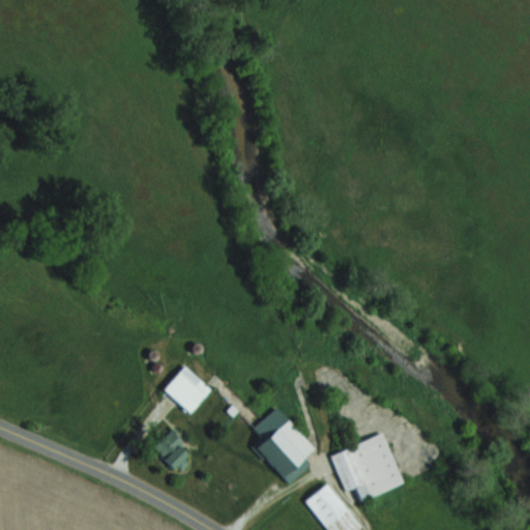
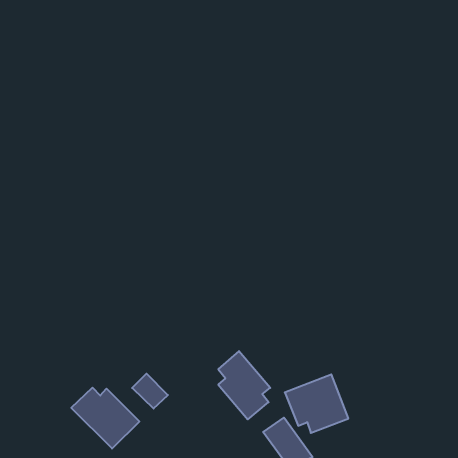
building: [163,366,210,413] -> none
building: none -> [71,388,139,449]

